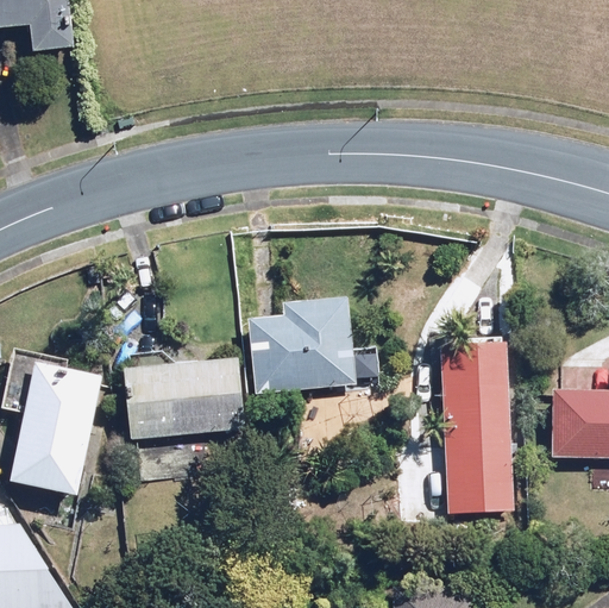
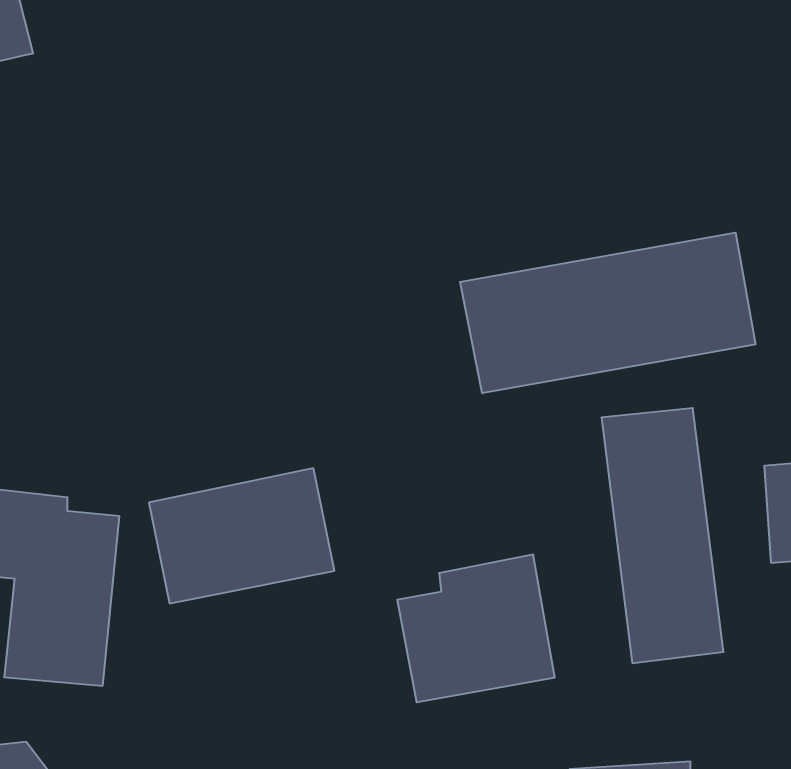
building: none -> [460,233,756,393]
building: [250,297,353,391] -> [397,555,555,702]

